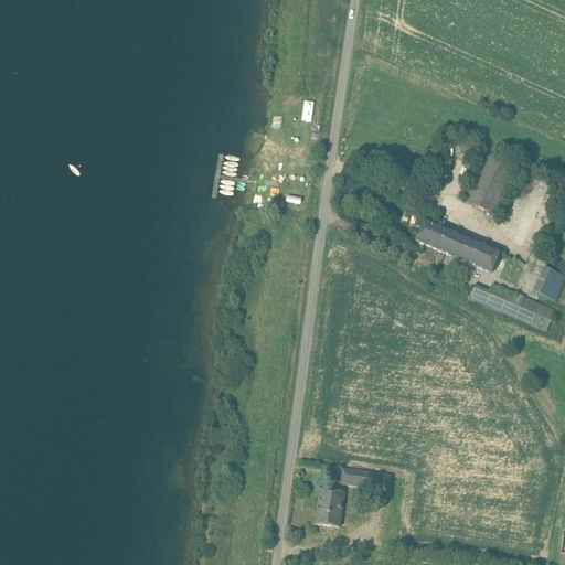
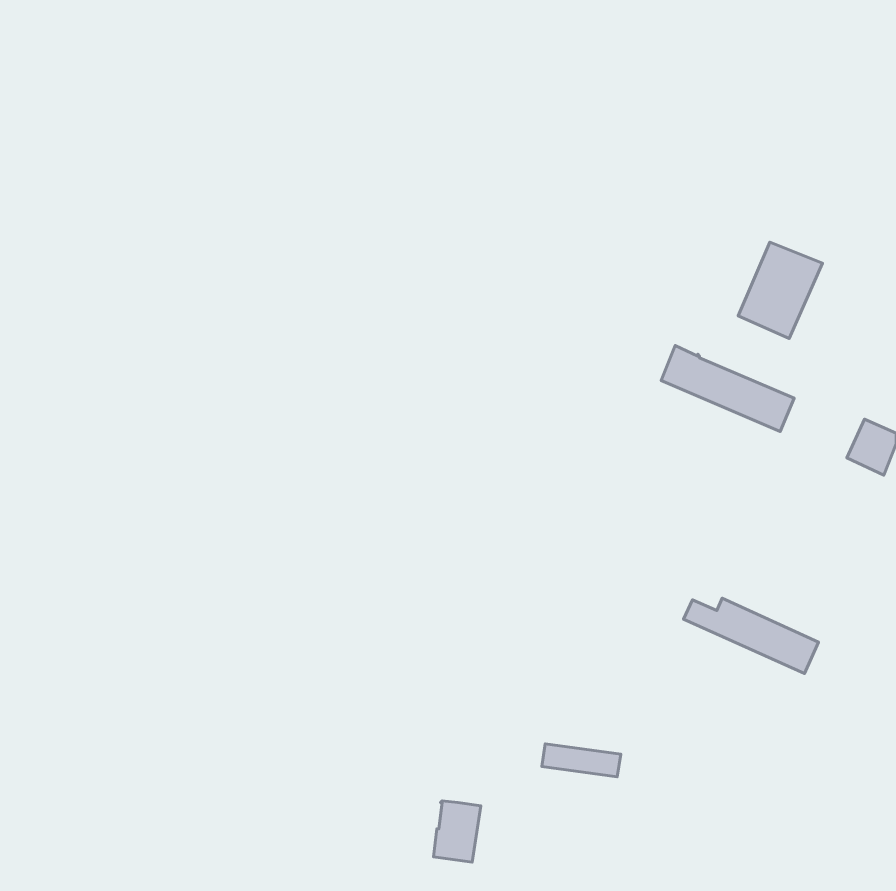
building: [469,282,554,330] -> [684,598,819,674]
building: [315,488,344,526] -> [433,801,481,862]

